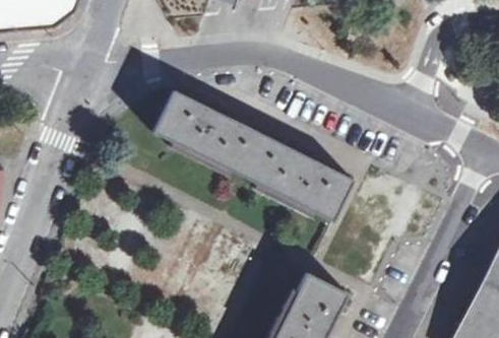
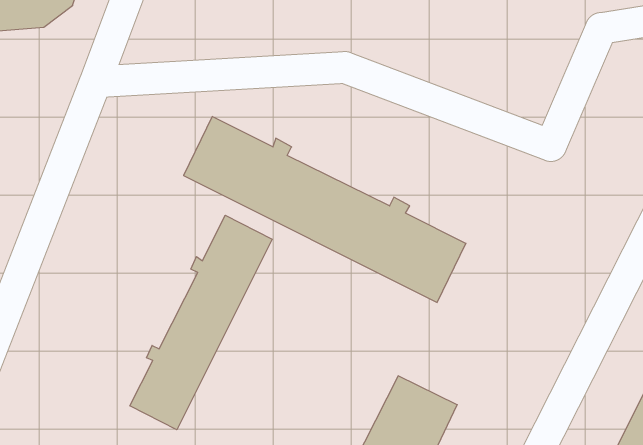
building: none -> [130,215,272,430]

